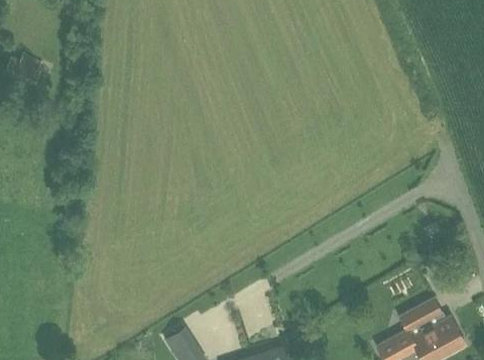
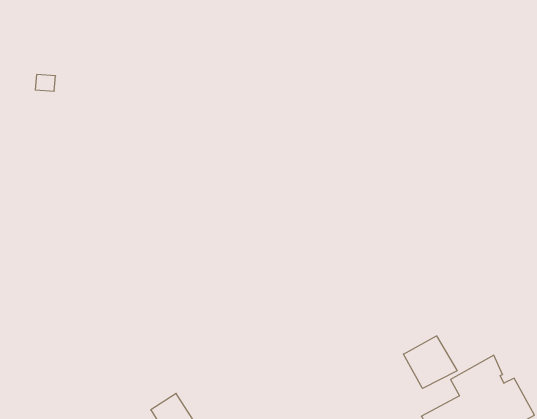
building: none -> [403,336,457,388]

